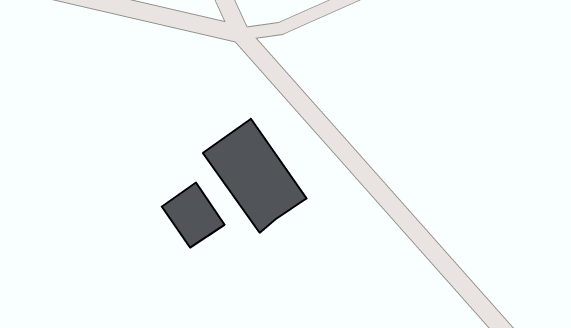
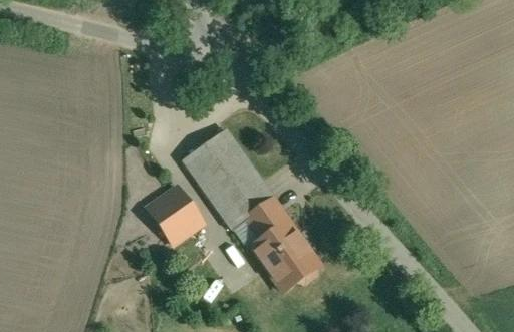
building: none -> [248,200,320,291]

